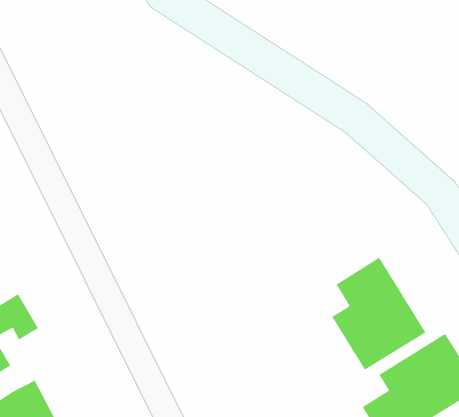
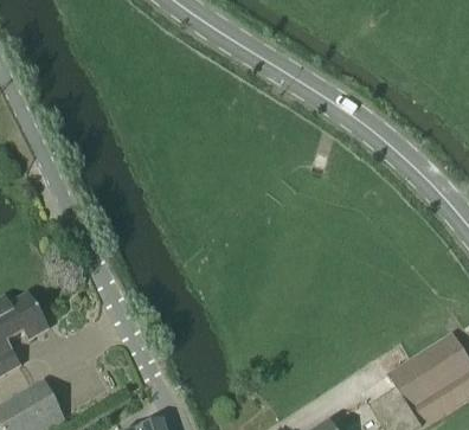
building: [331,257,426,371] -> none

